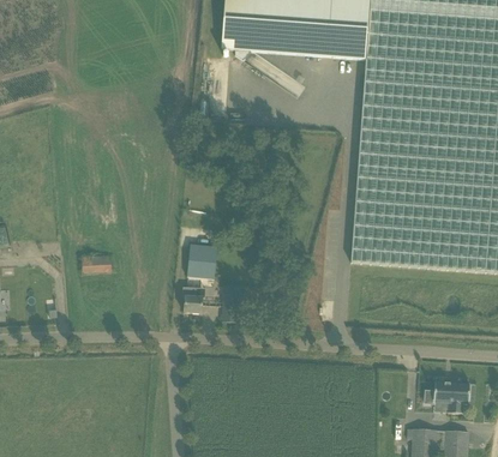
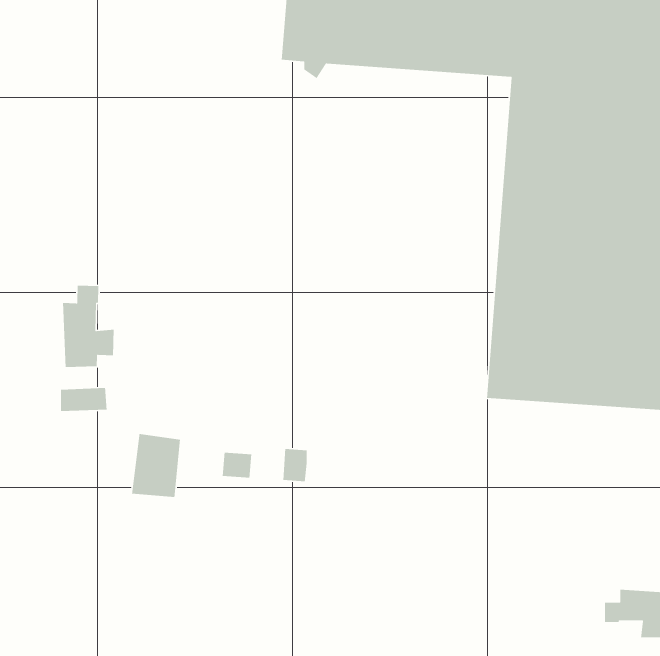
building: none -> [62,285,115,368]
building: [186,243,217,284] -> [131,433,181,498]

